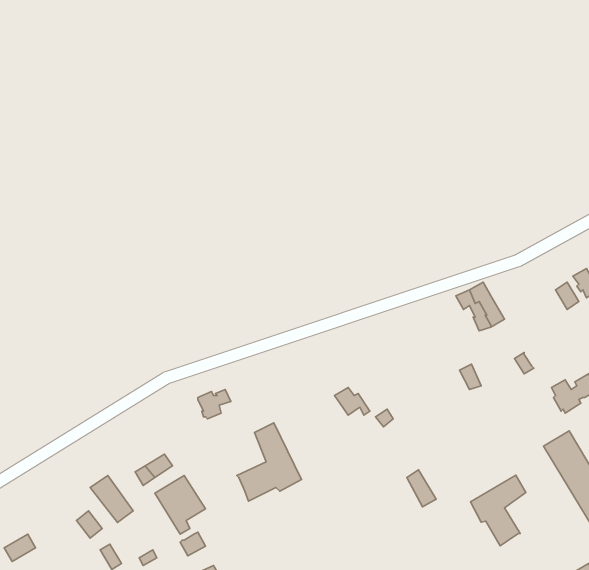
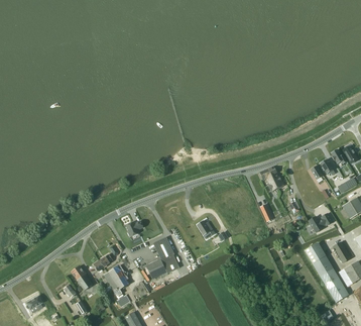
building: [471,475,526,546] -> none

